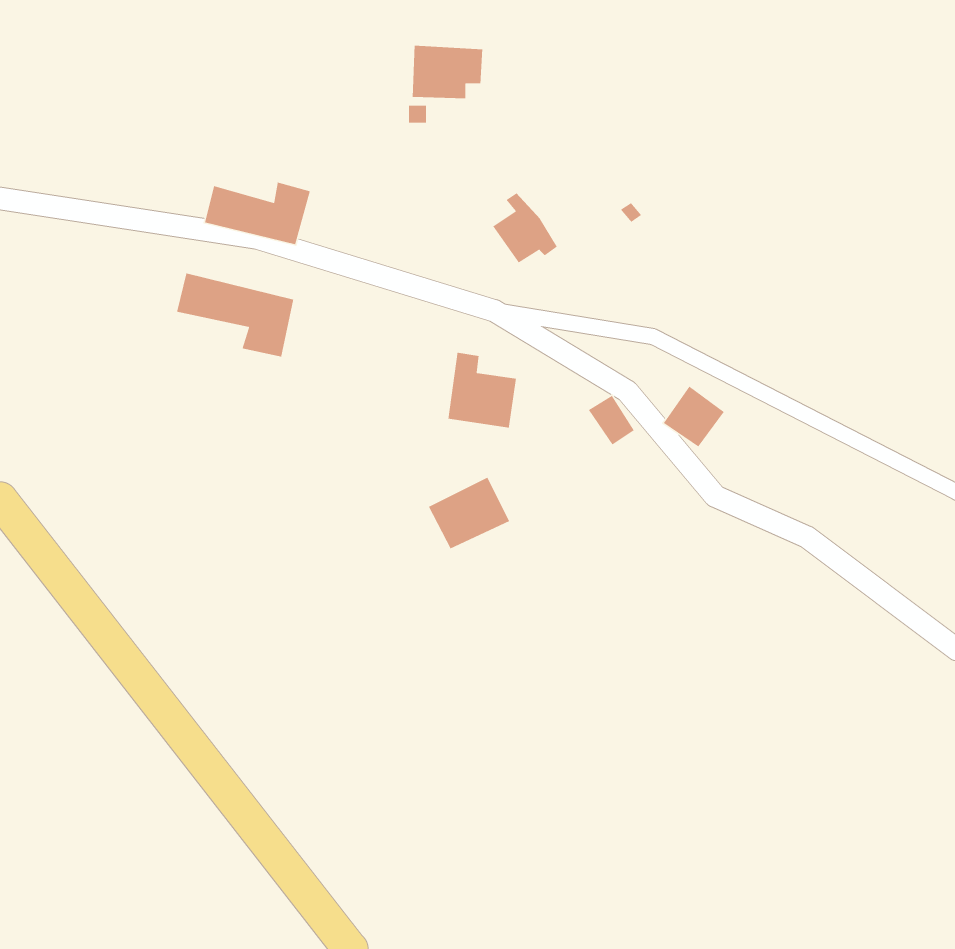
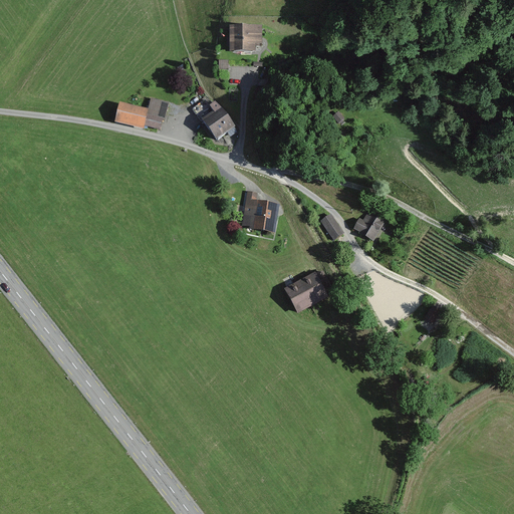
building: [492,192,558,264] -> [204,98,239,137]
building: [176,273,294,357] -> none
building: [428,476,510,549] -> [284,271,328,310]

